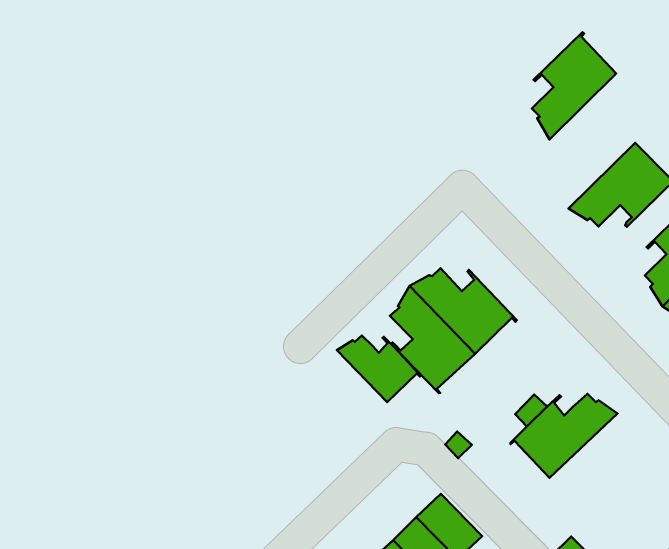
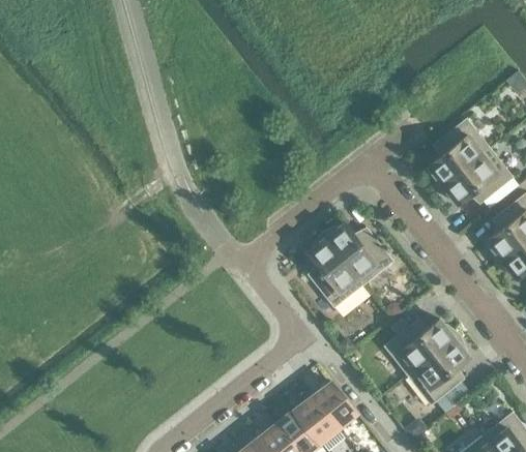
building: [532,32,616,139] -> [429,117,490,189]
building: [337,335,420,402] -> none
building: none -> [408,335,470,406]

